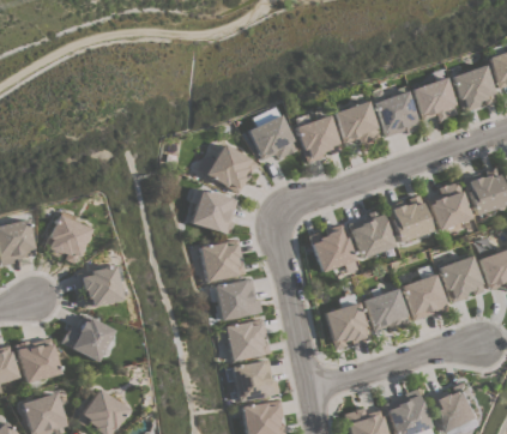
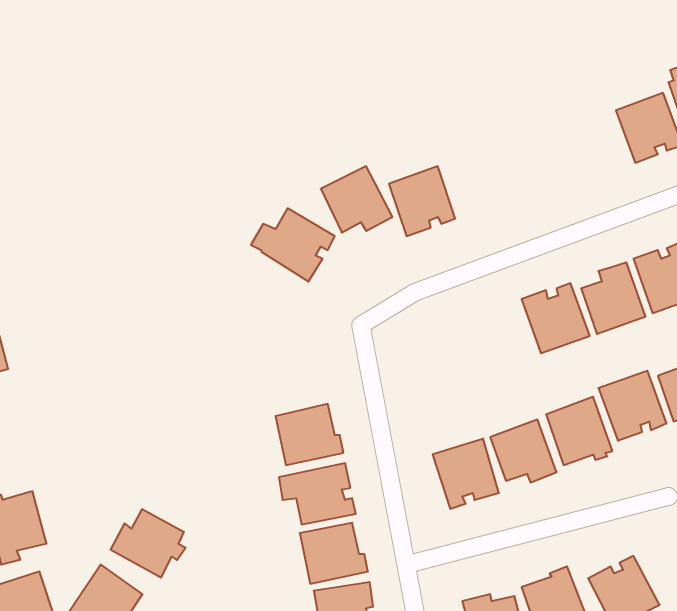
building: [411,77,458,121] -> none
building: [373,91,420,137] -> none
building: [333,101,379,145] -> none
building: [194,189,239,235] -> none
building: [41,211,87,264] -> none
building: [349,211,394,259] -> none
building: [309,224,356,272] -> none
building: [203,239,247,282] -> none
building: [74,265,121,309] -> none
building: [61,315,113,362] -> [111,509,186,577]

